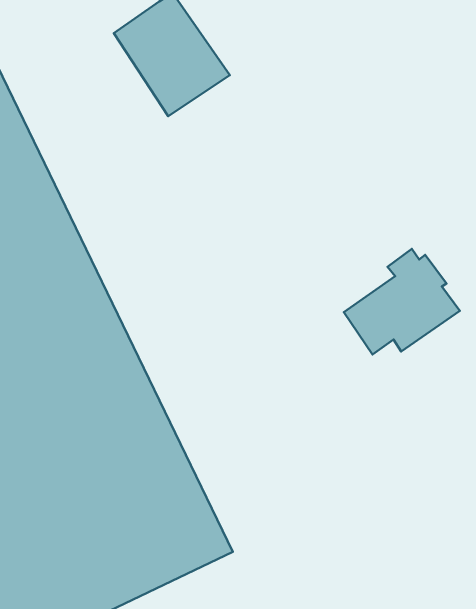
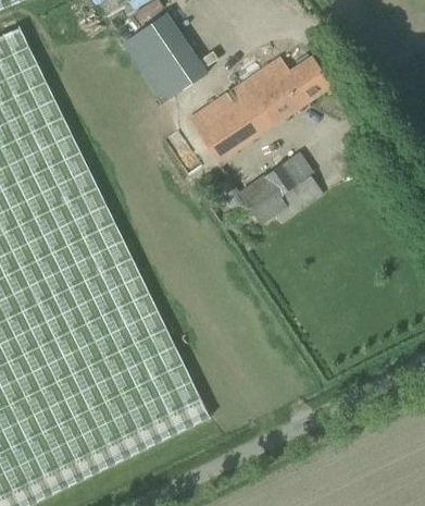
building: none -> [188,55,332,162]
building: [344,249,460,354] -> [239,148,323,224]

